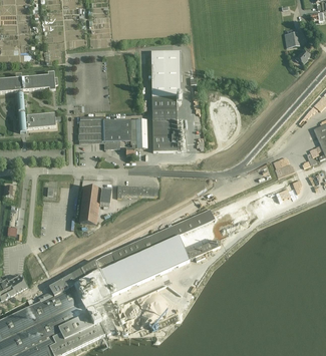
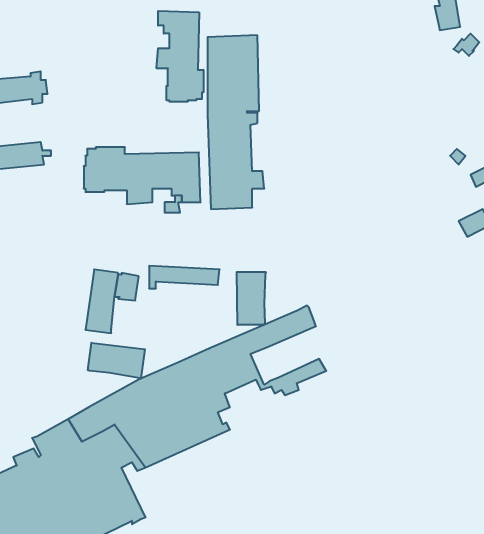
building: none -> [157,11,203,102]
building: none -> [237,272,266,325]
building: none -> [88,343,145,379]

